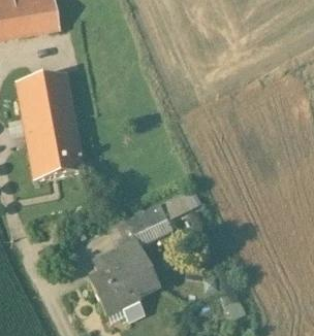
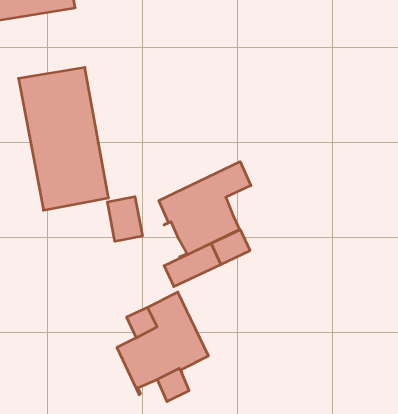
building: none -> [159,162,251,258]
building: none -> [107,197,142,241]

